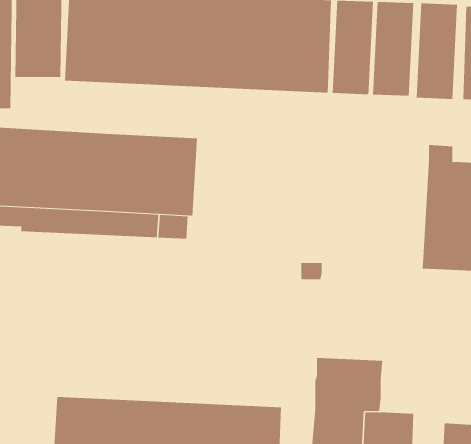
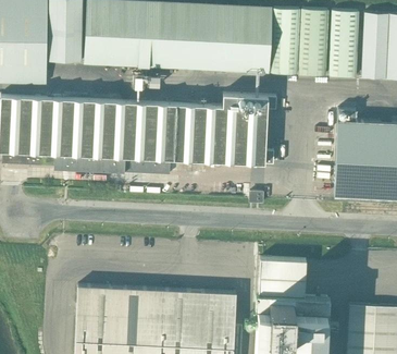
building: none -> [174,95,277,164]

